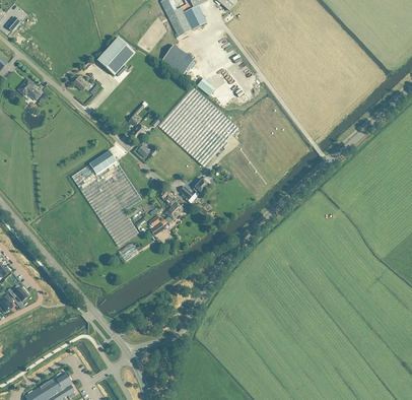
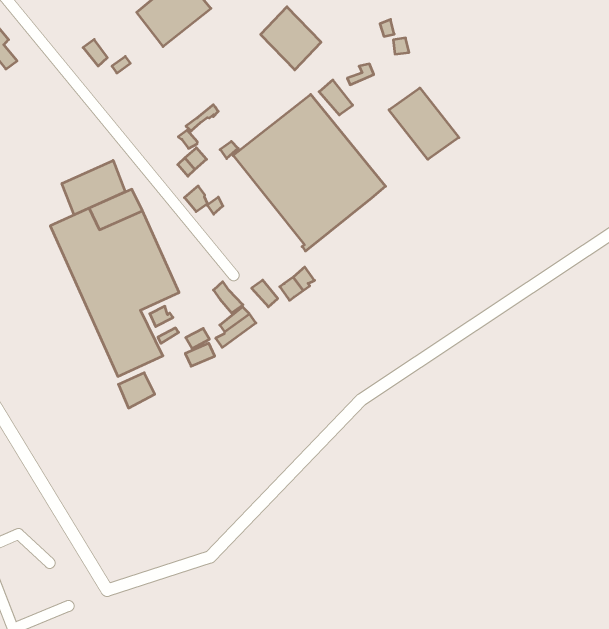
building: none -> [389,88,459,159]
building: none -> [62,160,125,215]

